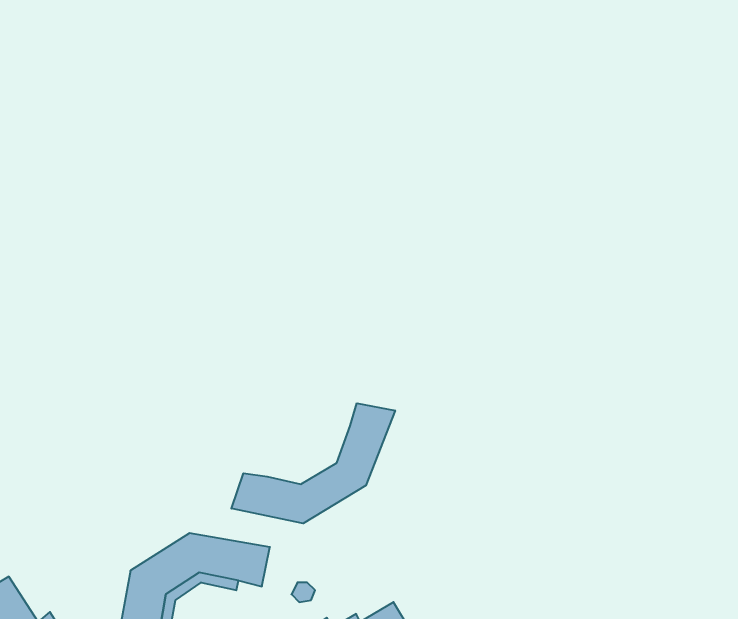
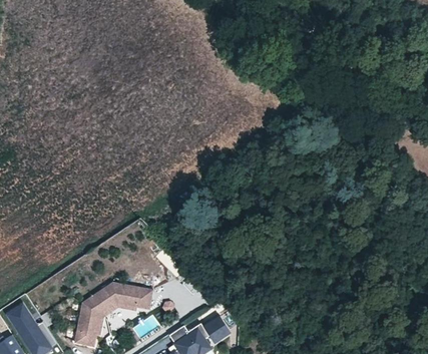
building: [231,403,395,523] -> none

